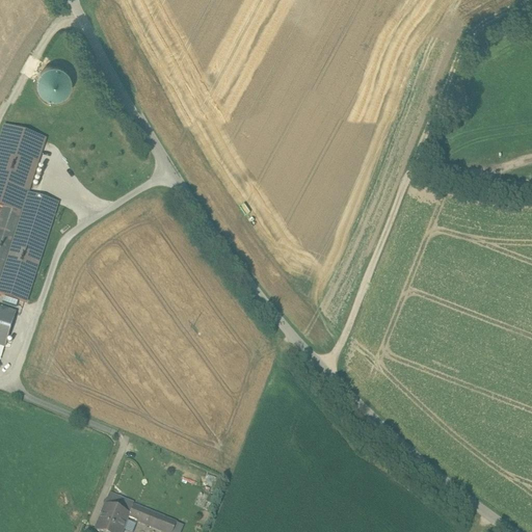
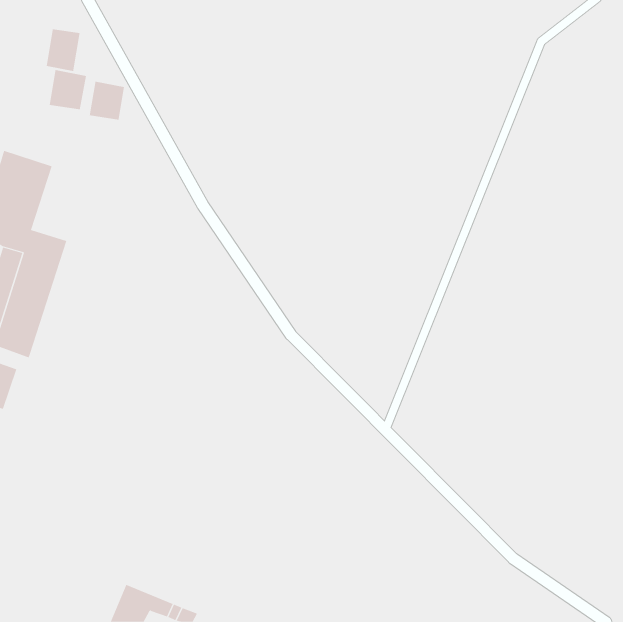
building: none -> [46,28,80,72]
building: none -> [89,81,125,120]

